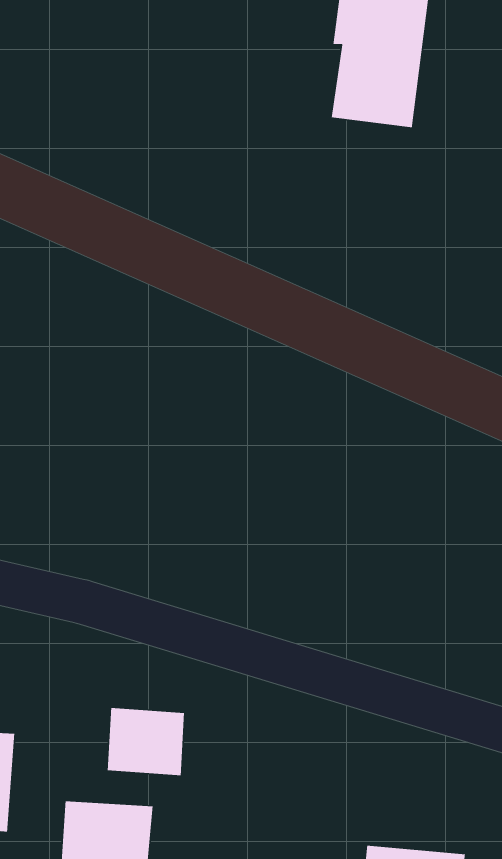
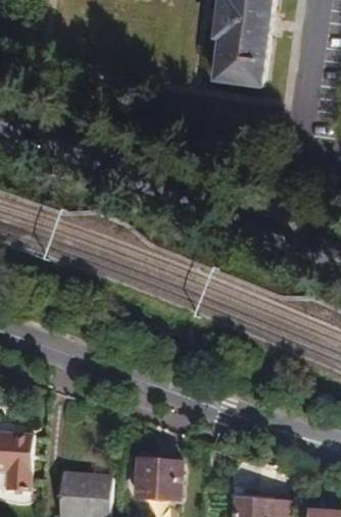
building: [107,707,185,776] -> [135,459,180,499]

